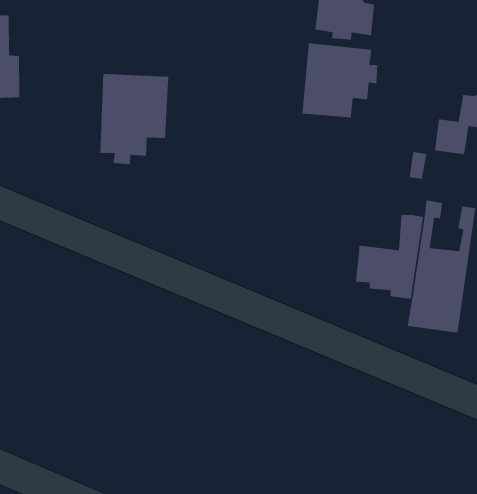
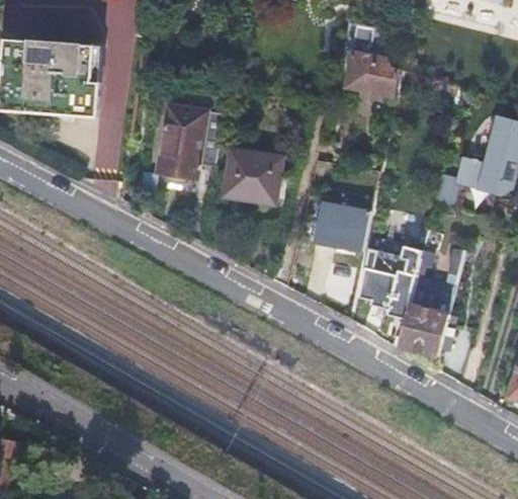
building: [302,43,378,118] -> none
building: none -> [220,147,280,202]
building: none -> [313,203,368,253]

